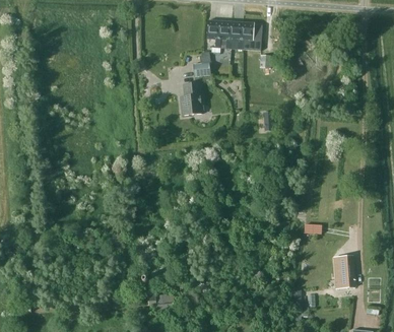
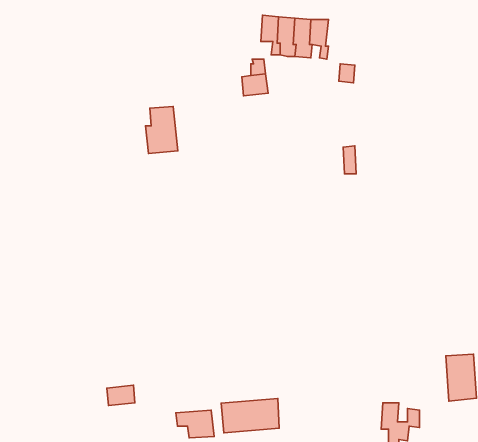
building: [180,82,202,115] -> [145,107,178,154]
building: none -> [221,399,279,433]

